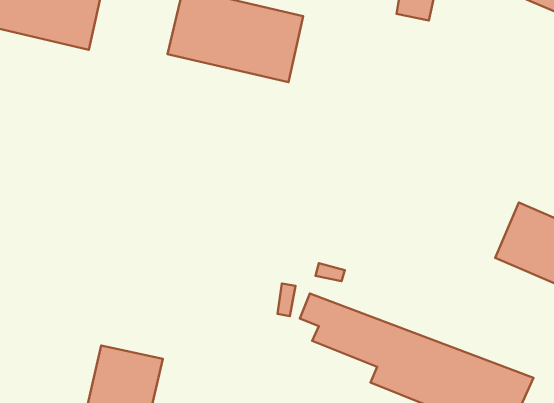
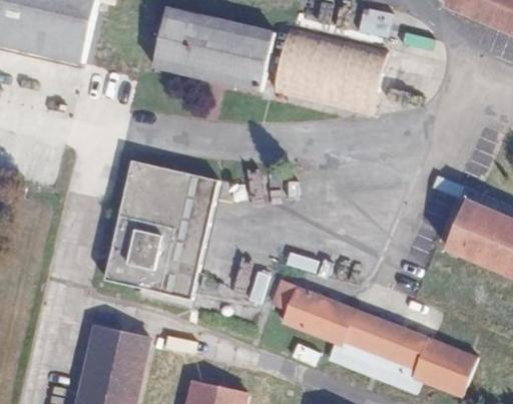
building: none -> [106,160,218,310]

